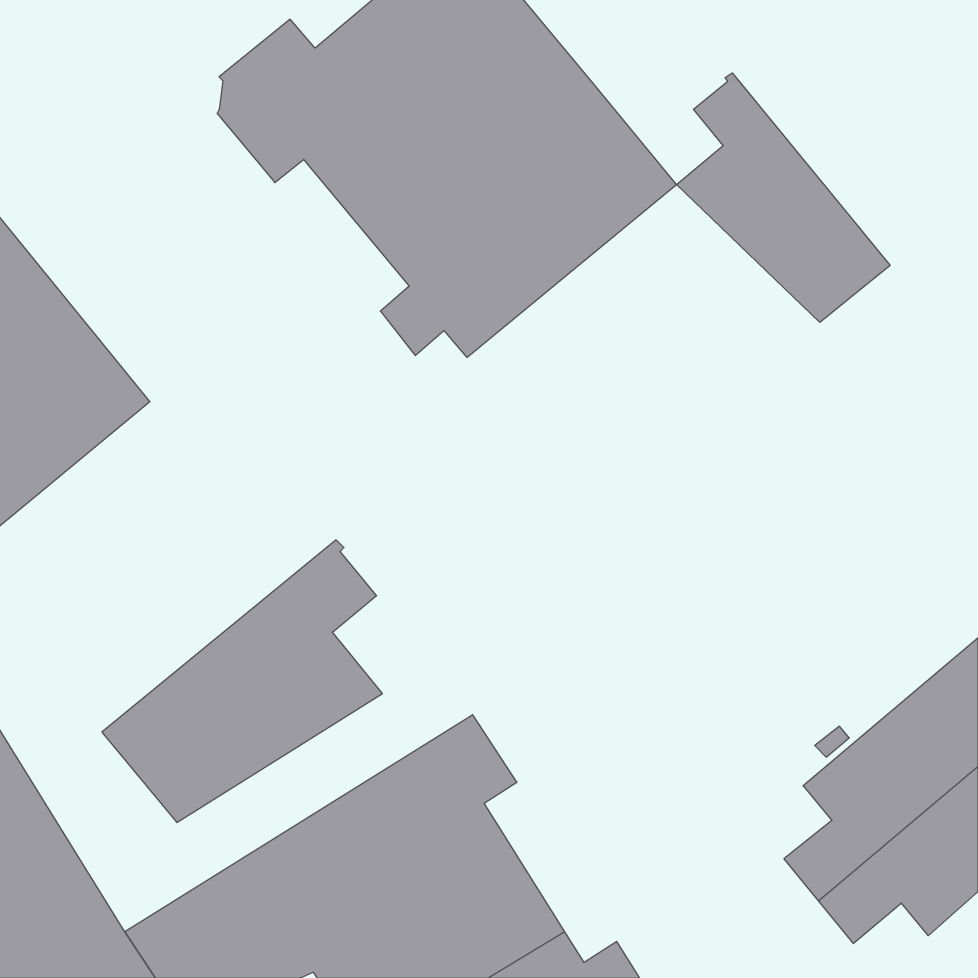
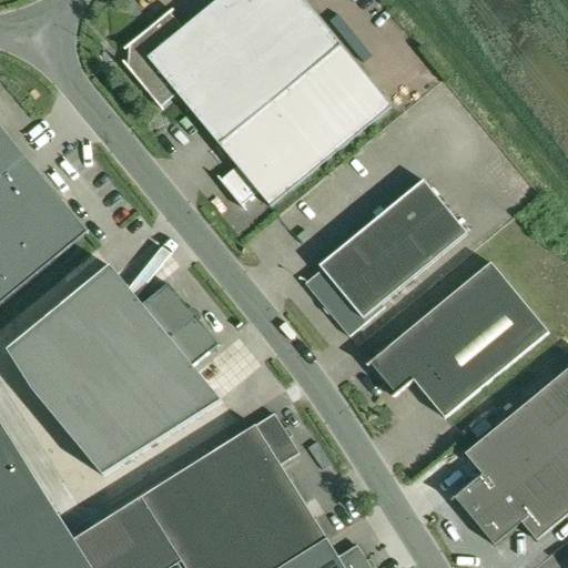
building: [676,73,890,322] -> none
building: none -> [304,180,466,336]
building: none -> [368,262,548,418]
building: none -> [7,265,194,423]

